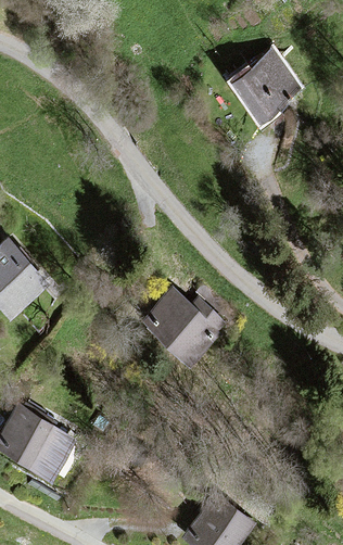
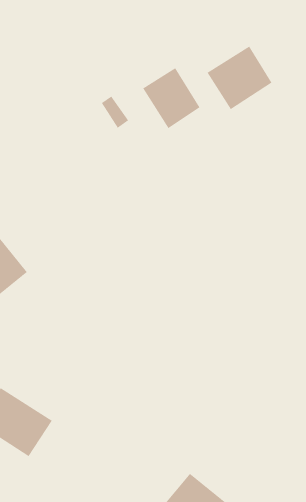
building: none -> [142,67,201,129]
building: [140,290,226,367] -> none

